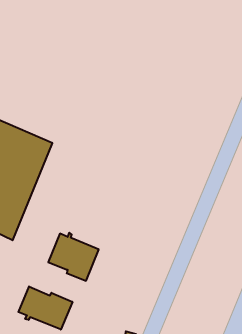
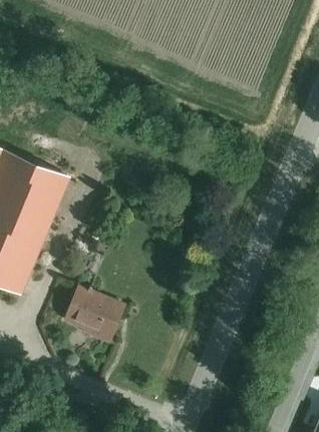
building: [18,286,72,330] -> none

